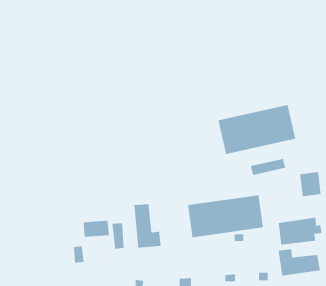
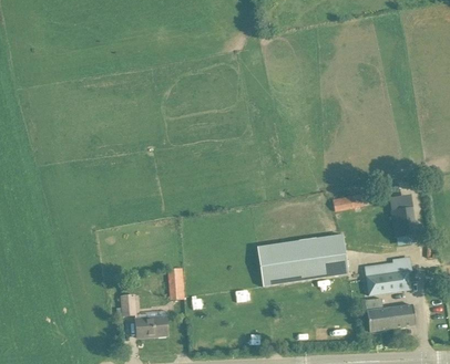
building: [217,104,296,155] -> none
building: [134,204,161,249] -> none
building: [83,220,110,238] -> [135,315,167,336]

